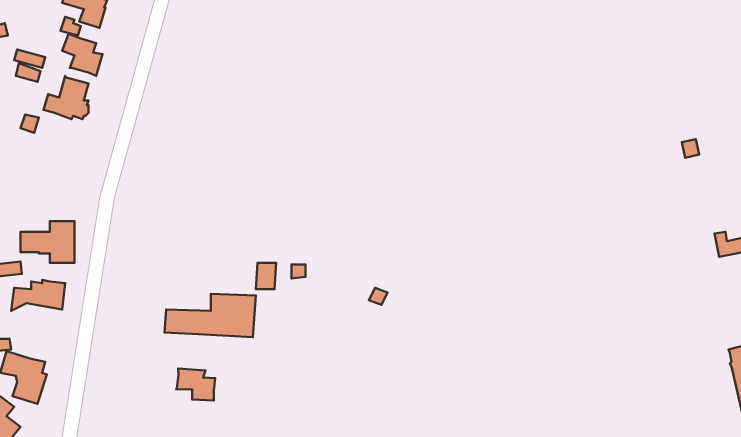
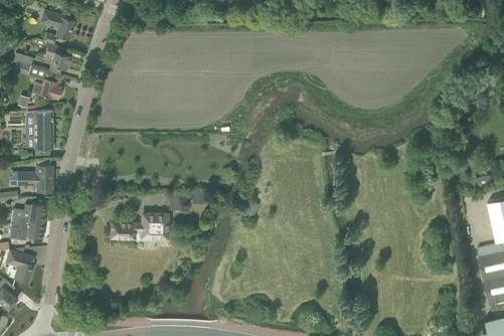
building: none -> [26,111,52,158]
building: none -> [9,218,44,240]
building: [176,368,215,400] -> none

